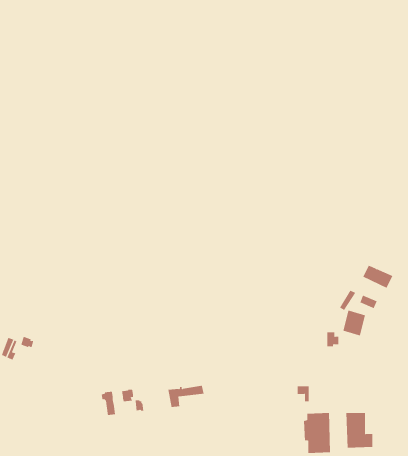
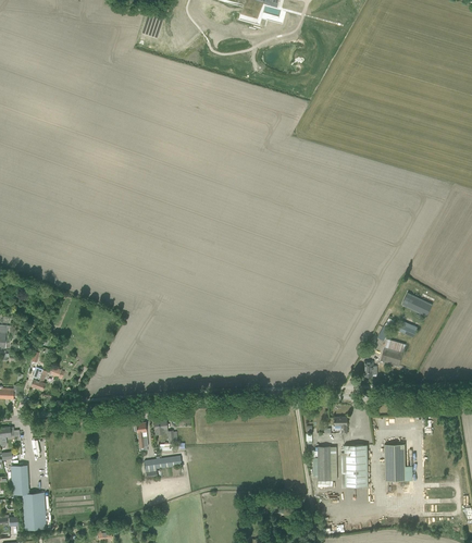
building: [168,385,205,408] -> [144,456,182,479]
building: none -> [313,446,337,480]

